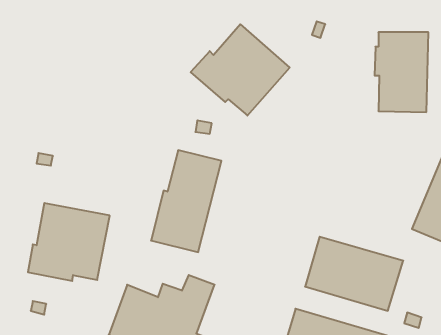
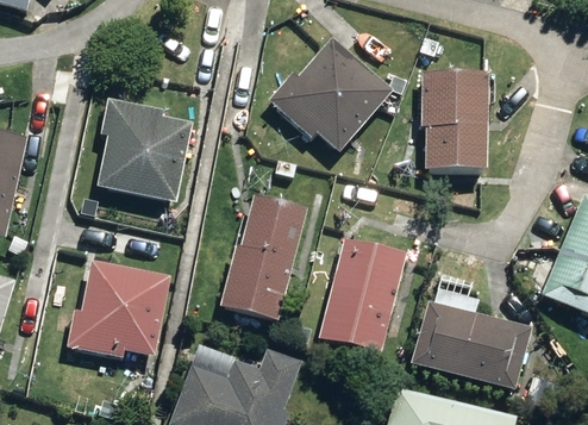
building: [375,32,428,112] -> [420,71,487,170]
building: none -> [95,98,192,200]
building: none -> [319,239,405,354]

